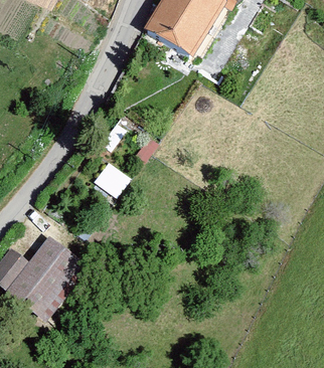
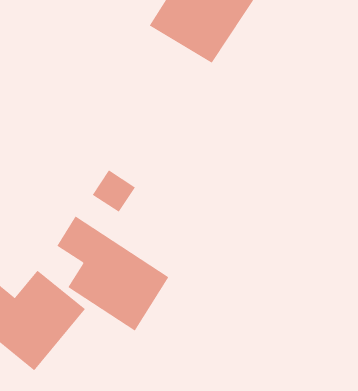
building: none -> [56,216,169,332]

